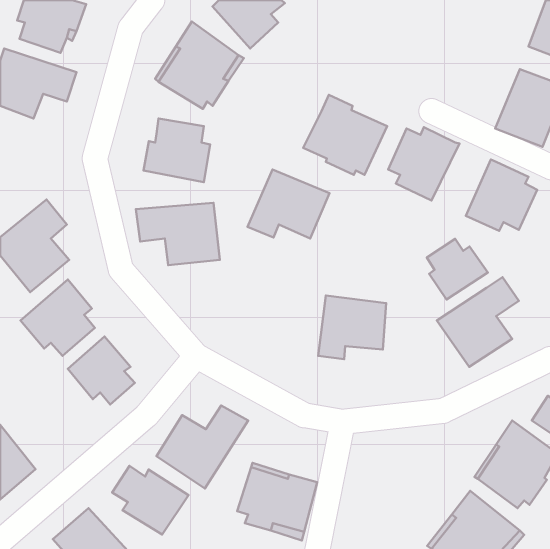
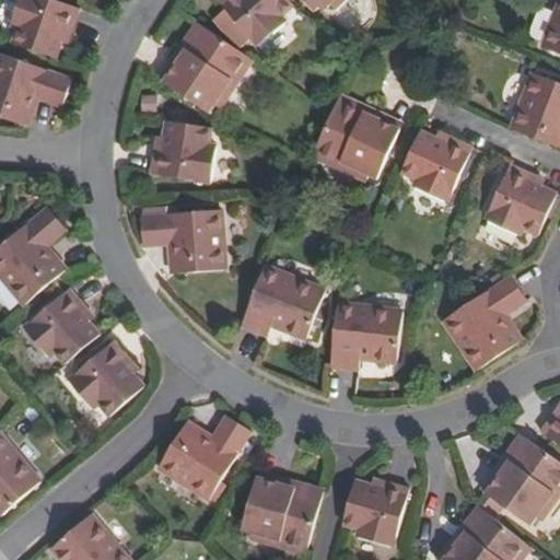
building: [248,170,330,239] -> [234,261,317,331]
building: [427,239,488,300] -> none
building: [112,466,188,535] -> none
building: none -> [342,475,410,546]

